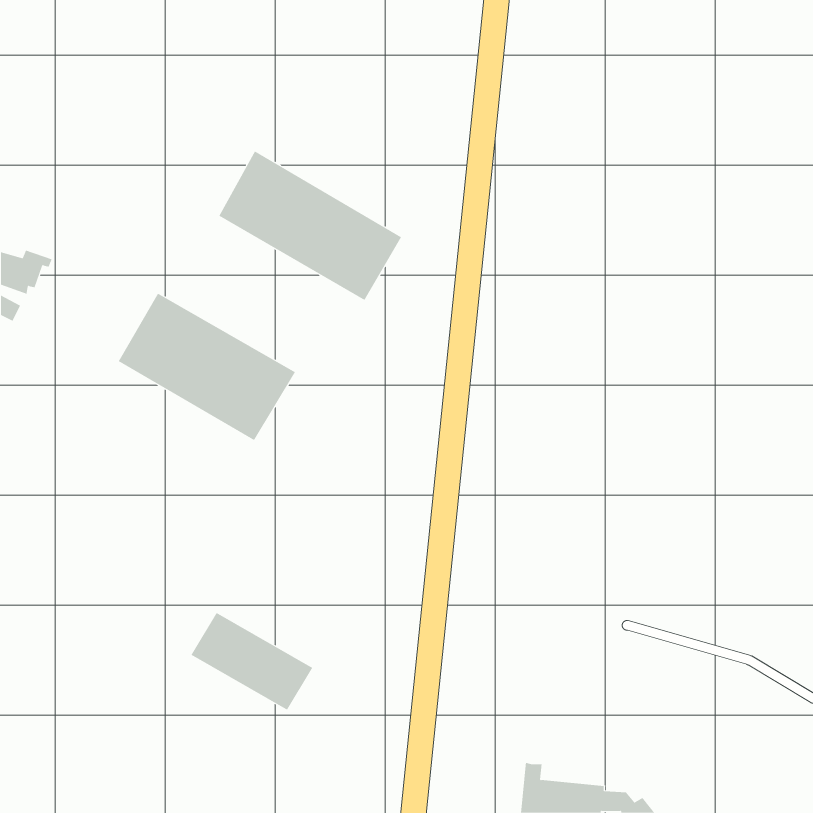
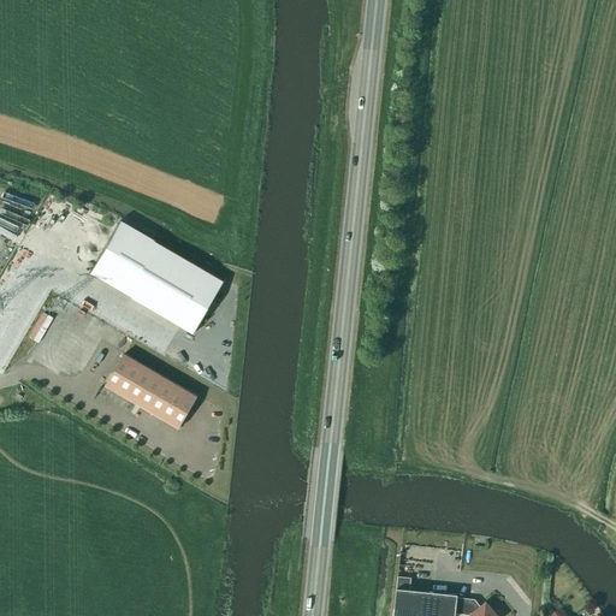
building: [219,151,402,301] -> none
building: [191,612,313,711] -> [105,354,197,428]

